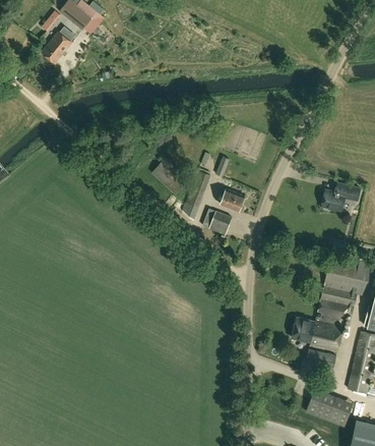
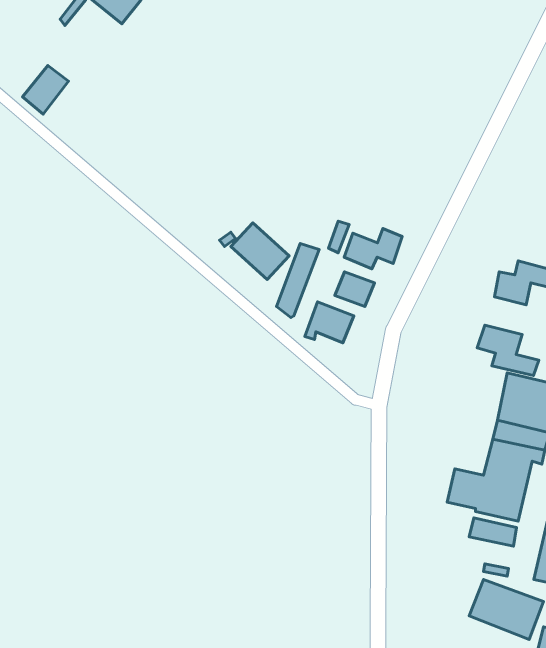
building: [42,33,71,64] -> [23,65,68,114]
building: none -> [344,228,402,269]
building: none -> [477,325,539,376]

